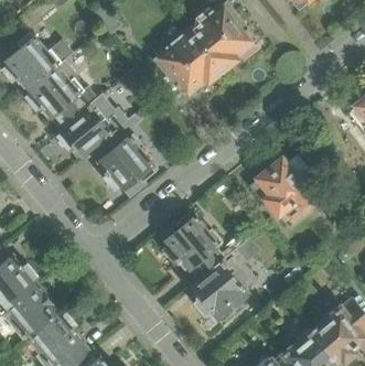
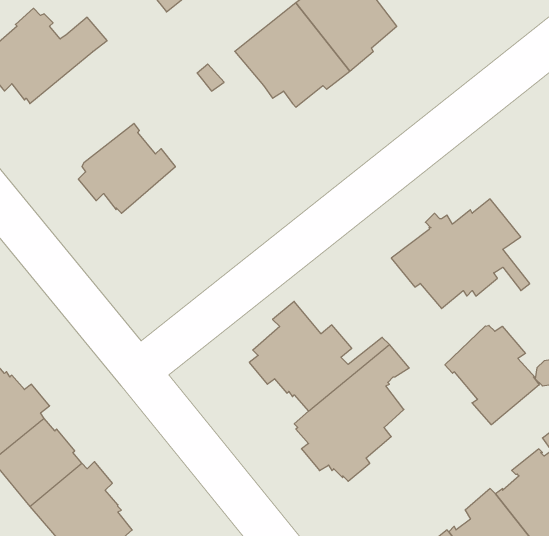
building: [23,58,97,127] -> none
building: [92,111,155,192] -> none
building: none -> [445,325,539,425]

